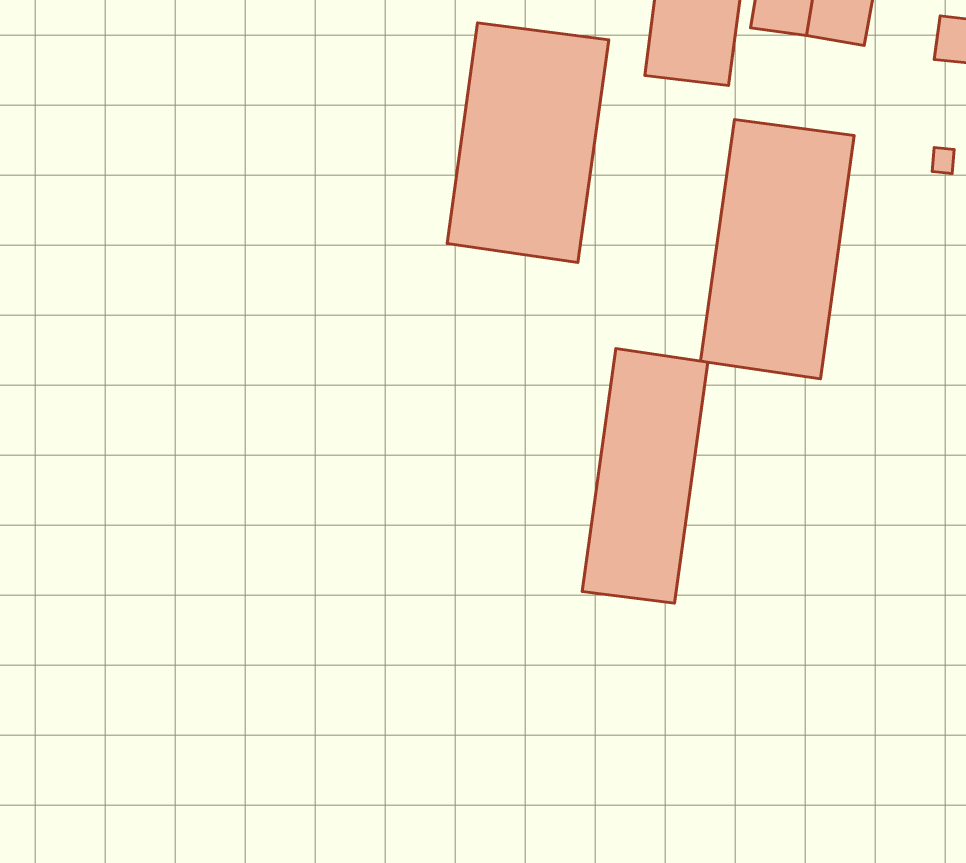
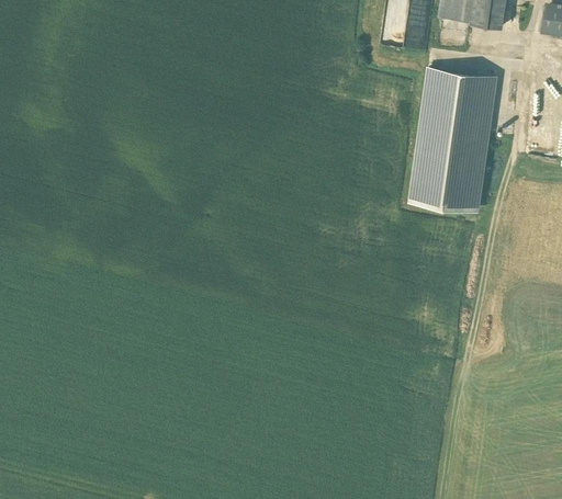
building: [447,23,609,262] -> none
building: [582,349,708,603] -> none

